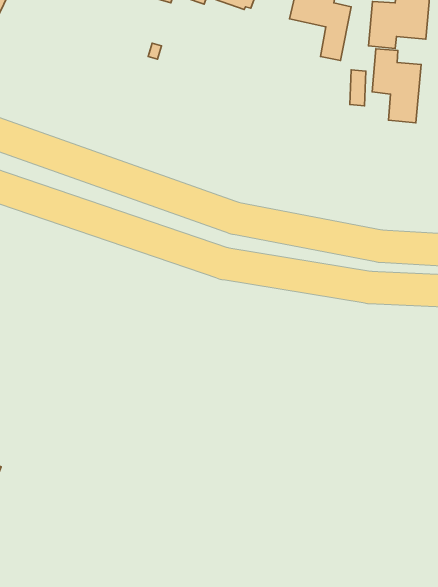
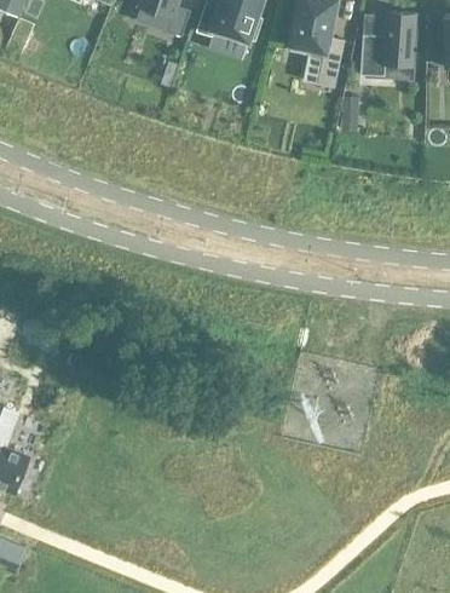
building: [372,49,421,123] -> none

